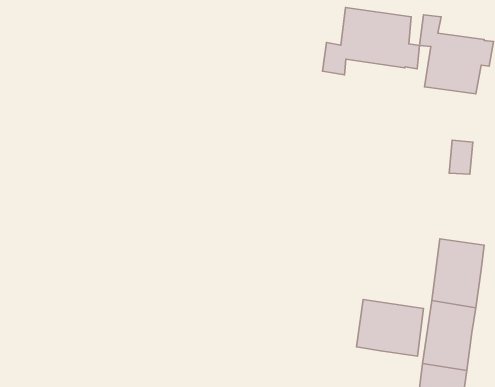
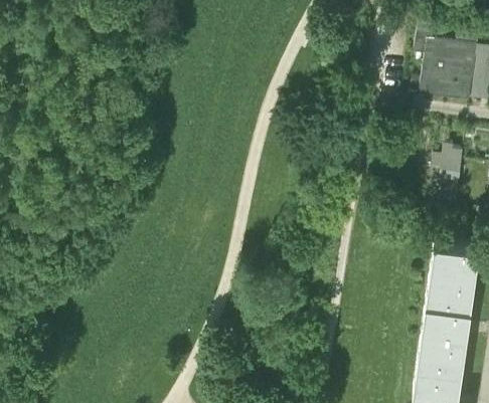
building: [322,8,419,75] -> none
building: [356,299,423,356] -> none

